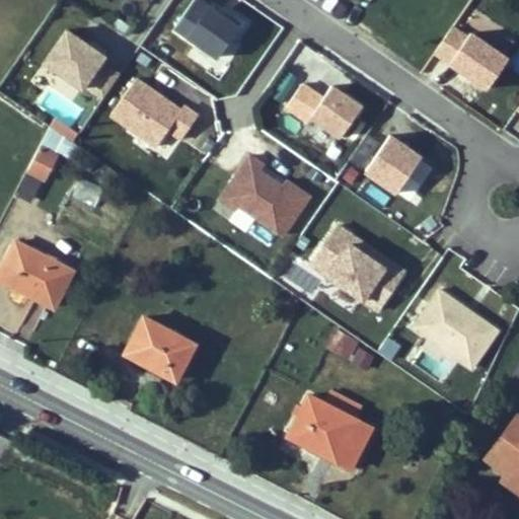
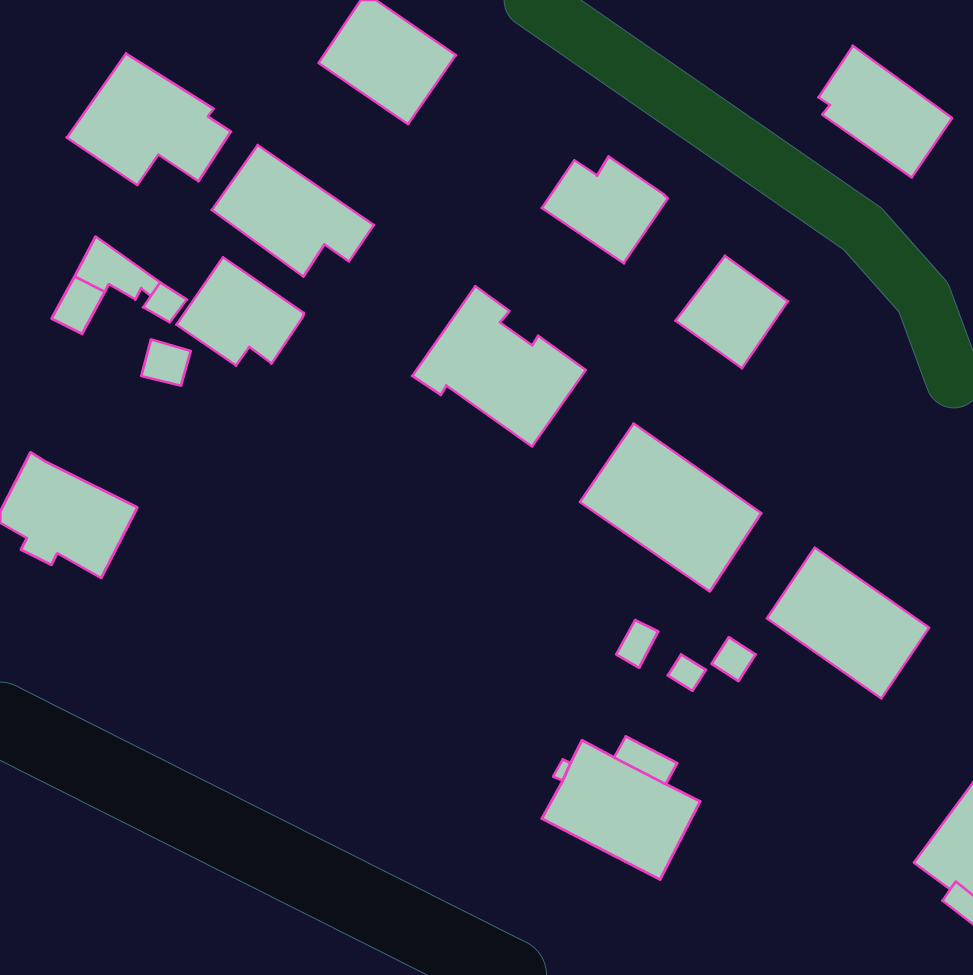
building: none -> [176,257,304,366]
building: [126,316,195,379] -> none

